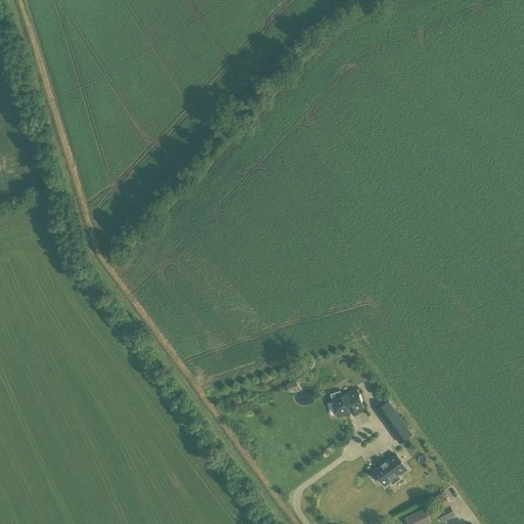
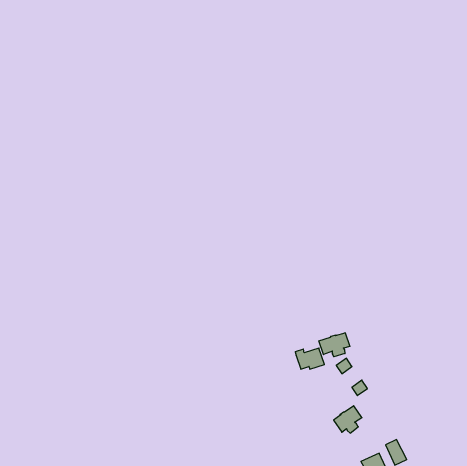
building: none -> [319,333,350,357]

